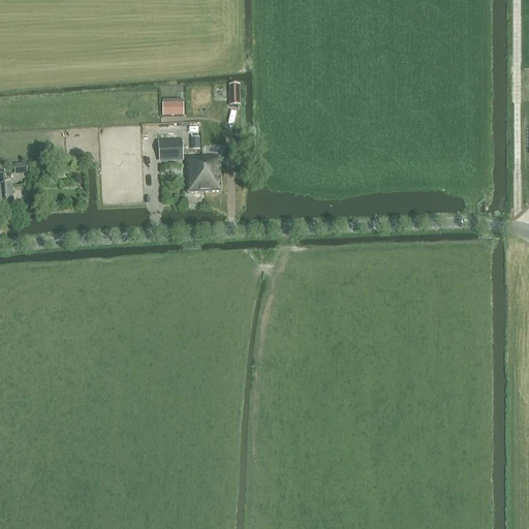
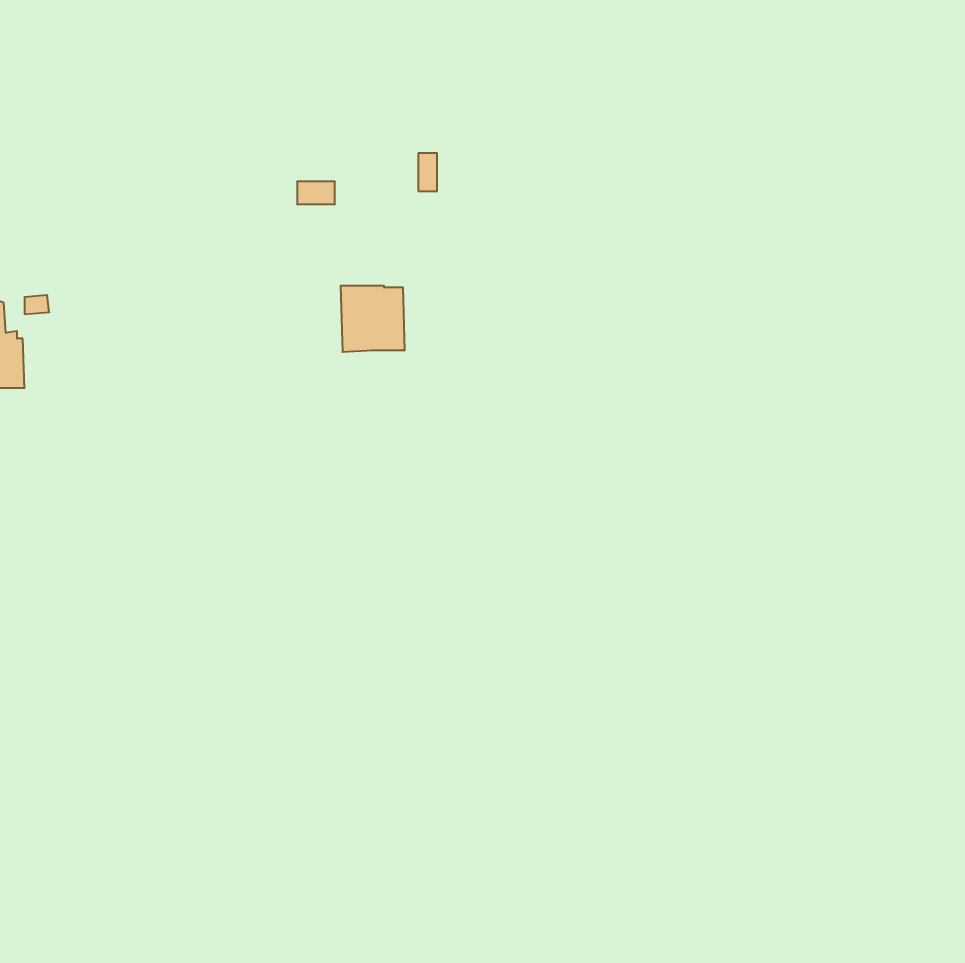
building: [157,139,183,158] -> none

